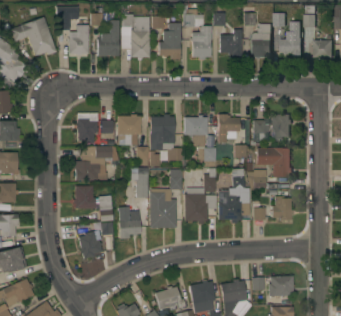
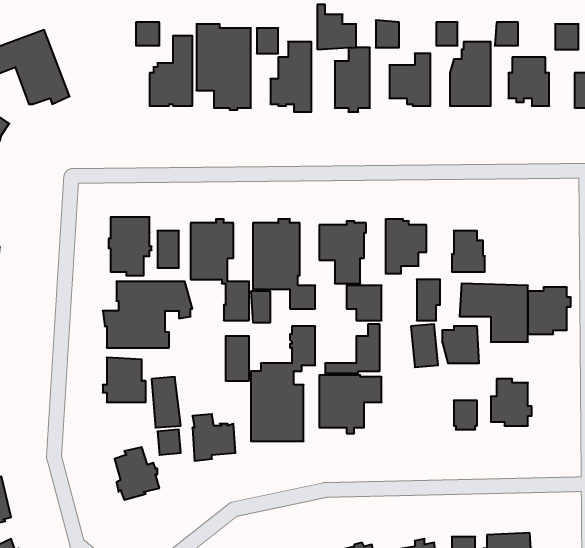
building: [58,17,88,55] -> none
building: [271,114,293,138] -> [528,287,571,334]
building: [218,191,249,223] -> none

